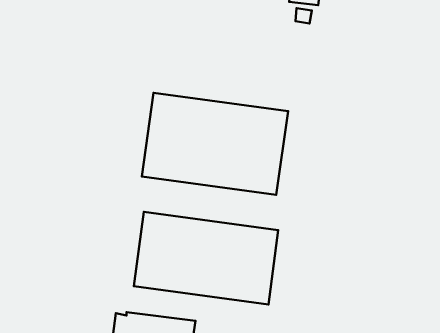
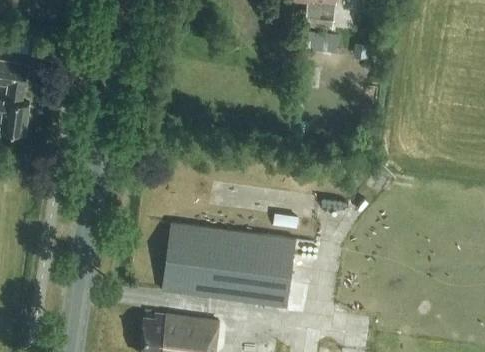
building: [142,93,288,195] -> none

